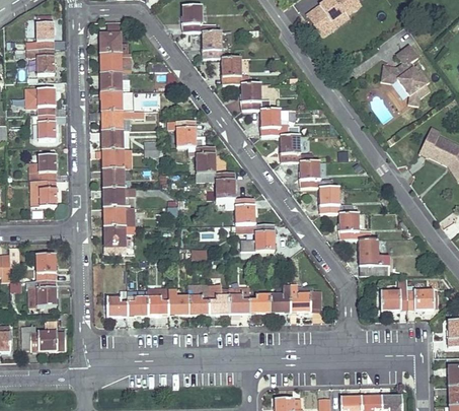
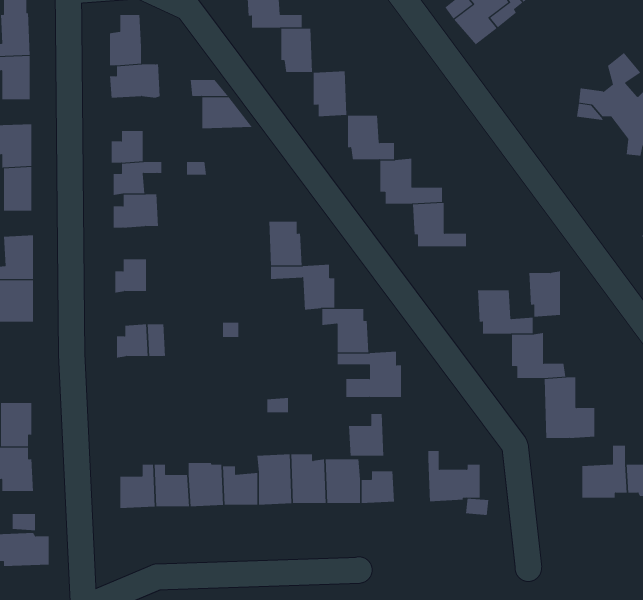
building: [101,71,130,91] -> none
building: [175,119,195,146] -> none
building: [103,148,131,168] -> none
building: [299,159,318,187] -> [528,271,561,317]
building: [103,187,134,207] -> none
building: [104,225,133,246] -> none
building: [269,286,290,312] -> [348,413,384,456]

